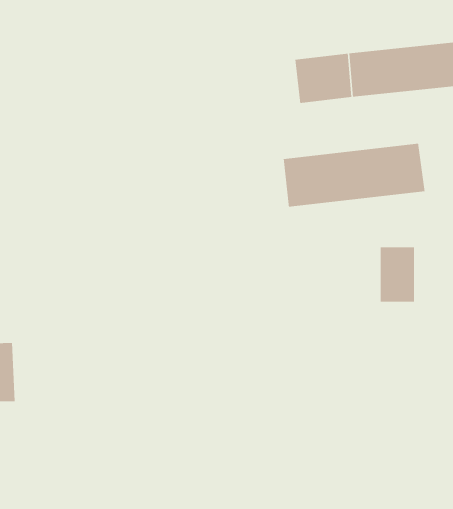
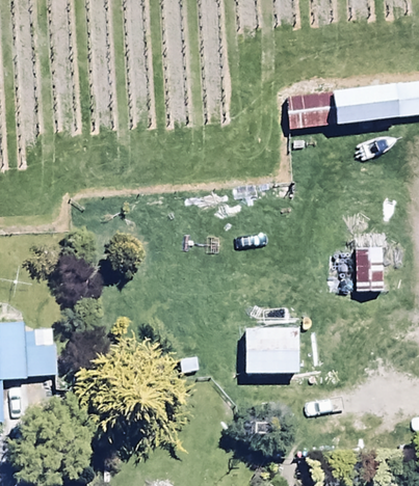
building: [283,143,425,208] -> none
building: none -> [243,327,298,373]

